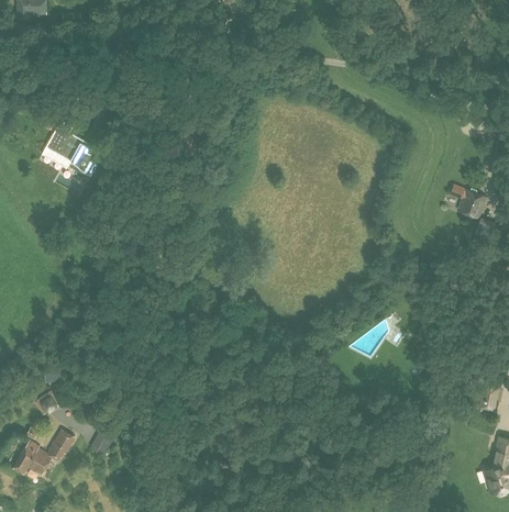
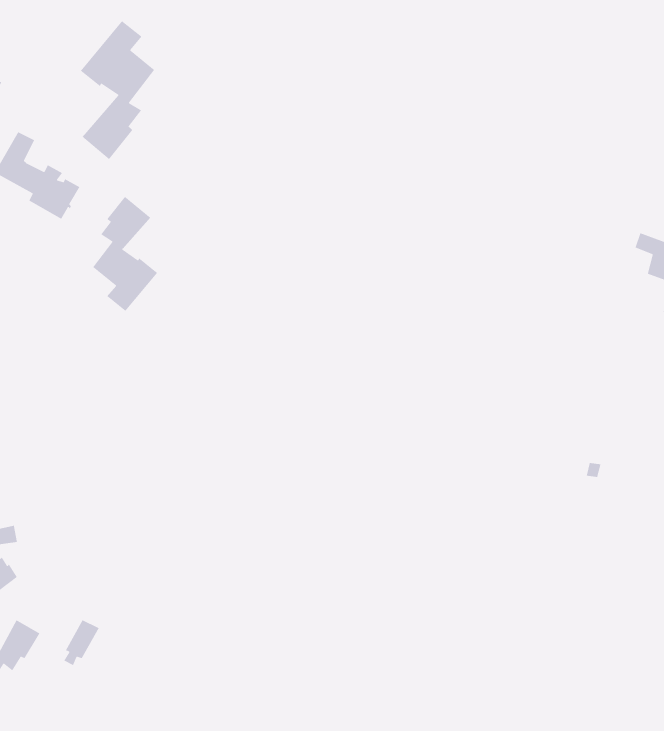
building: none -> [80,20,155,160]
building: none -> [92,196,158,312]

